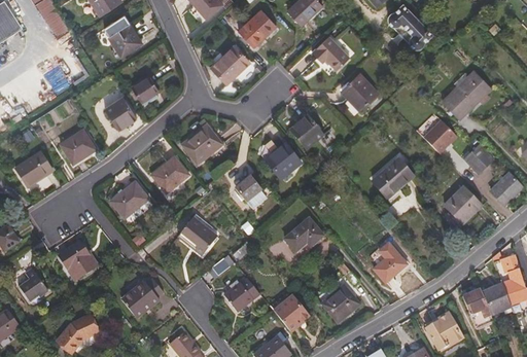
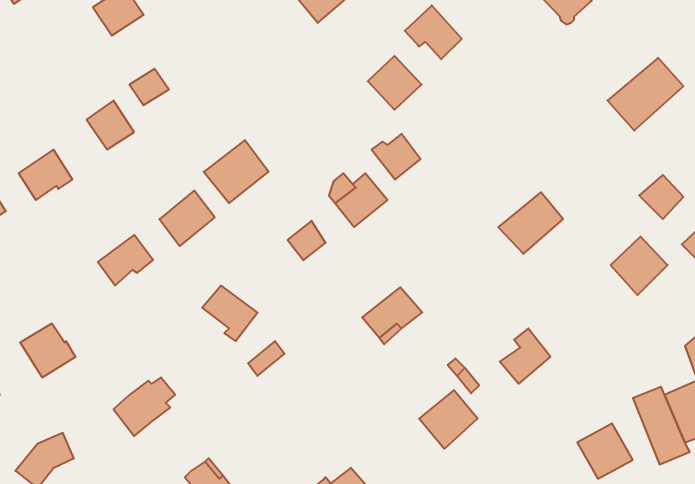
building: [212,46,249,81] -> none
building: [341,75,376,110] -> [368,56,422,110]
building: [425,118,459,152] -> none
building: [222,277,258,311] -> none
building: [270,295,305,328] -> none

